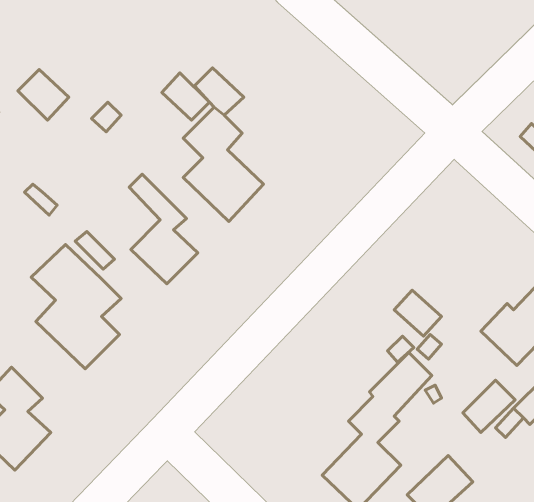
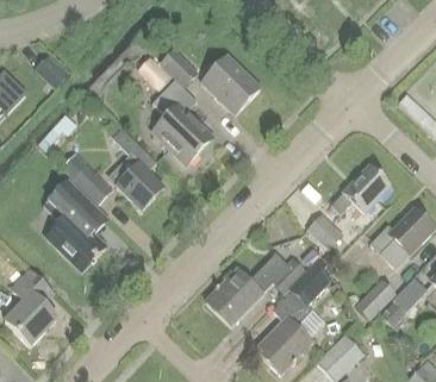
building: none -> [200,56,260,114]
building: none -> [330,163,391,214]
building: none -> [205,252,304,325]

